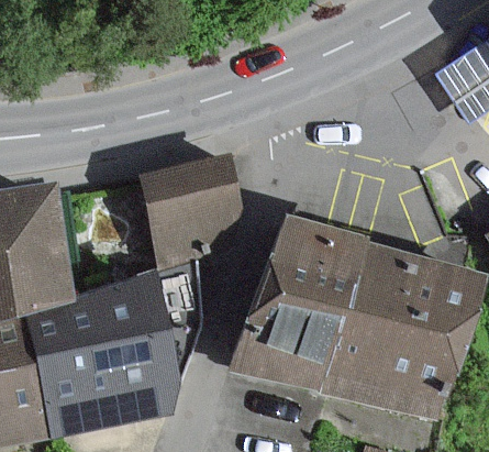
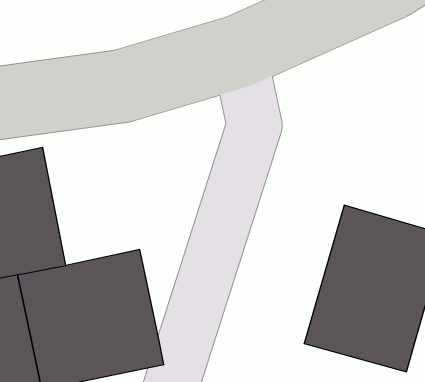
building: [145,154,234,262] -> none
building: [246,220,365,386] -> none

